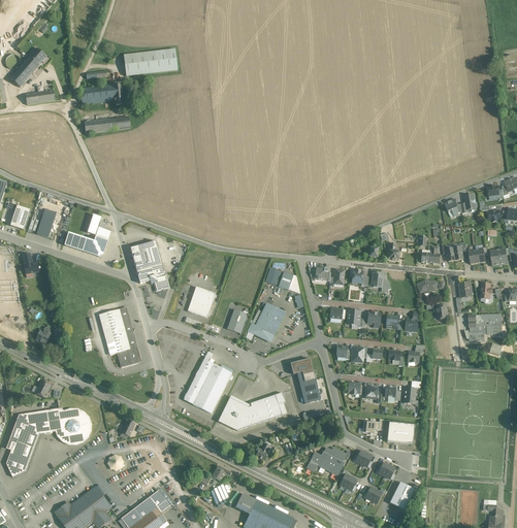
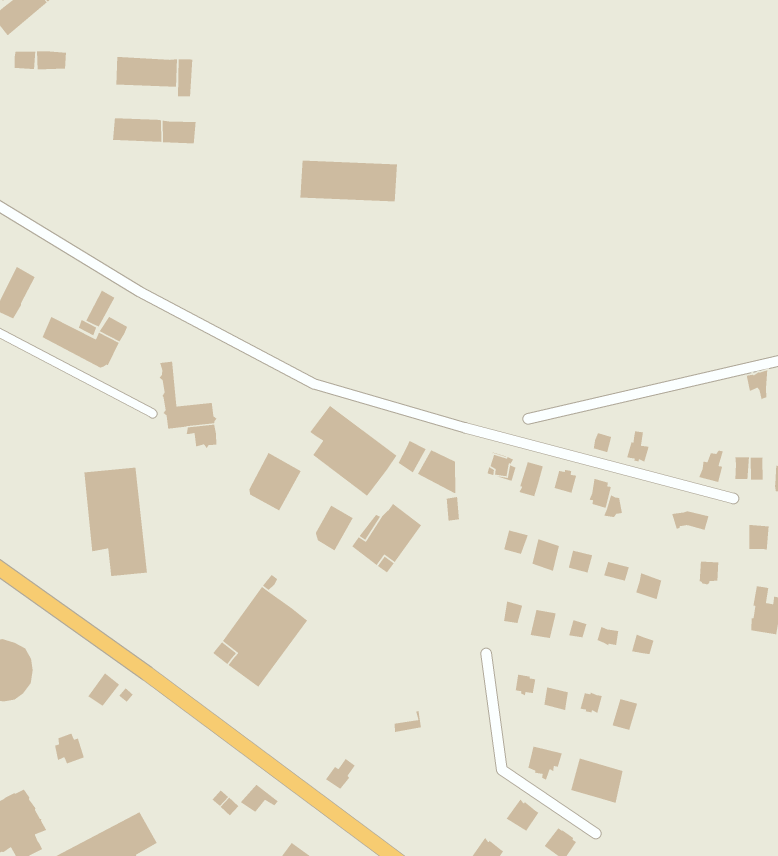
building: [123,48,176,75] -> [300,160,398,202]
building: [136,240,161,269] -> none
building: none -> [309,405,398,497]
building: [289,358,320,402] -> none
building: [218,392,284,430] -> none
building: [316,447,345,474] -> none

